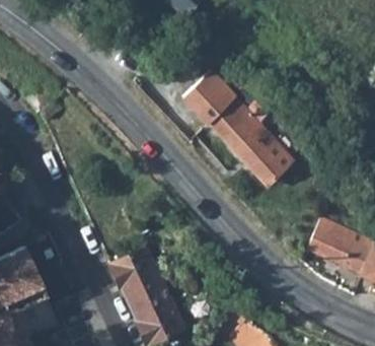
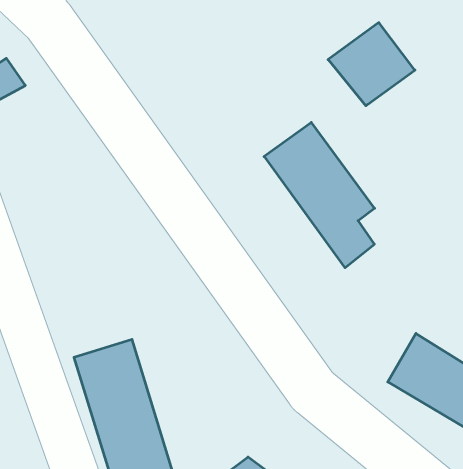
building: [182,72,237,125] -> [328,23,415,106]

